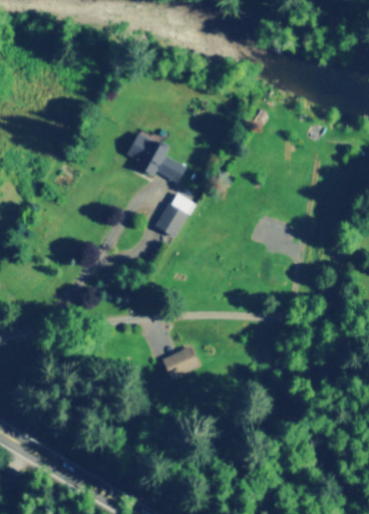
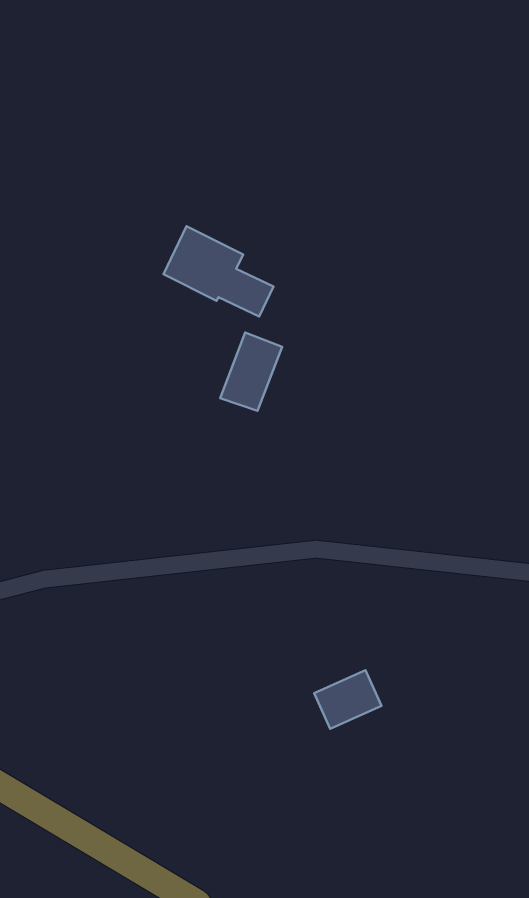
building: [162,345,201,378] -> [314,670,382,729]

